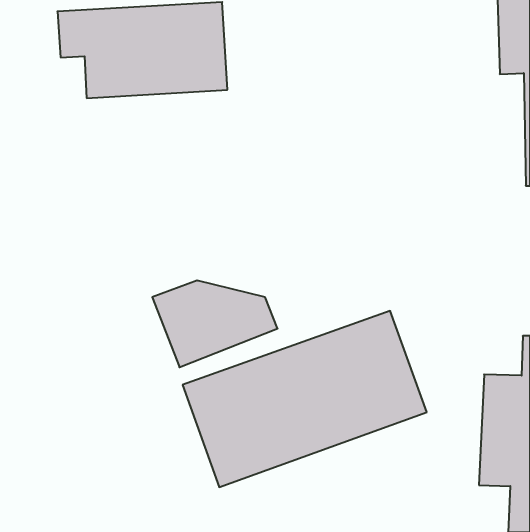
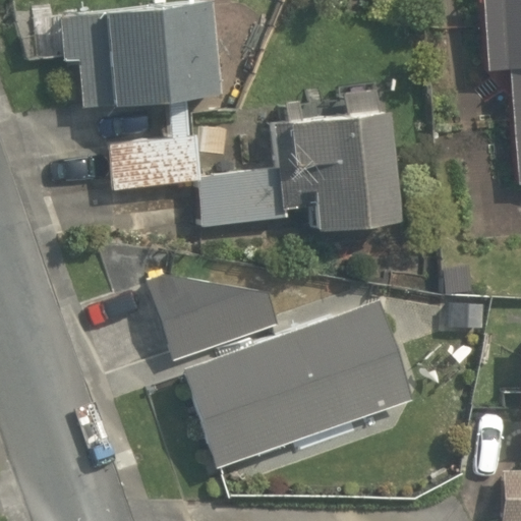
building: none -> [292,111,402,215]
building: none -> [109,135,281,229]

